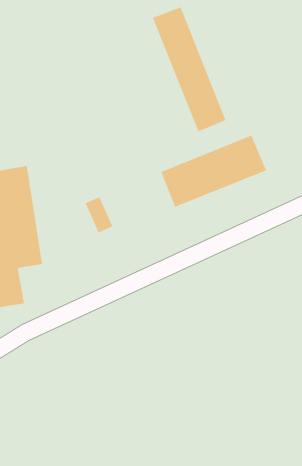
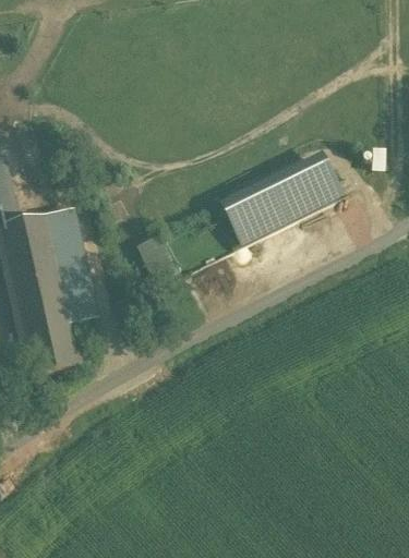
building: [152,7,226,132] -> none

